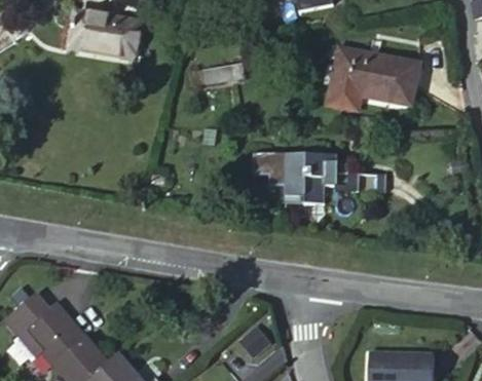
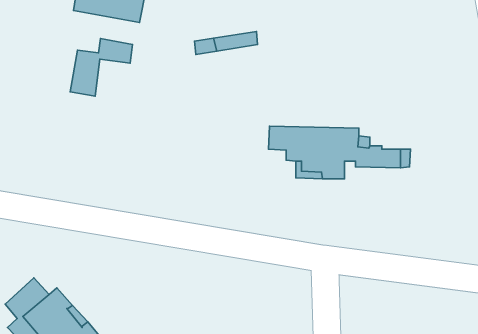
building: [331,47,420,106] -> none
building: none -> [70,38,132,96]

